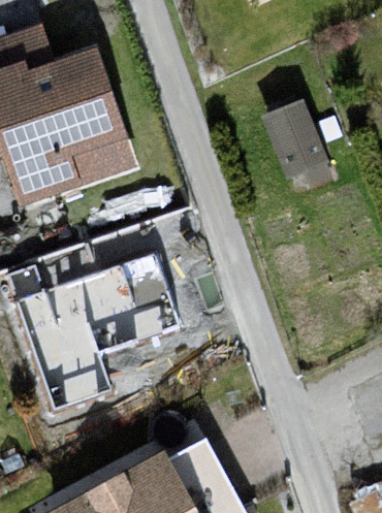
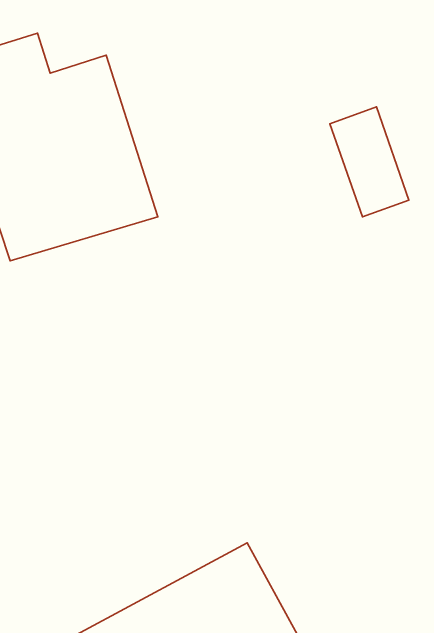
building: [18,253,180,405] -> none

